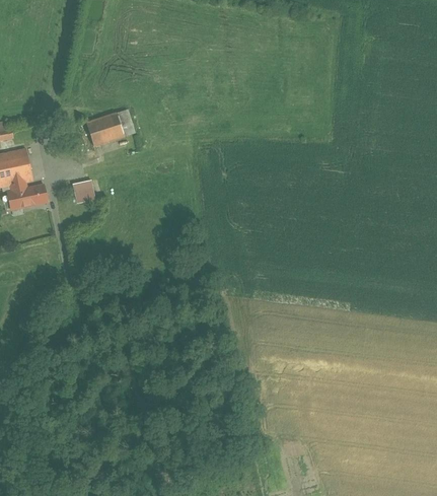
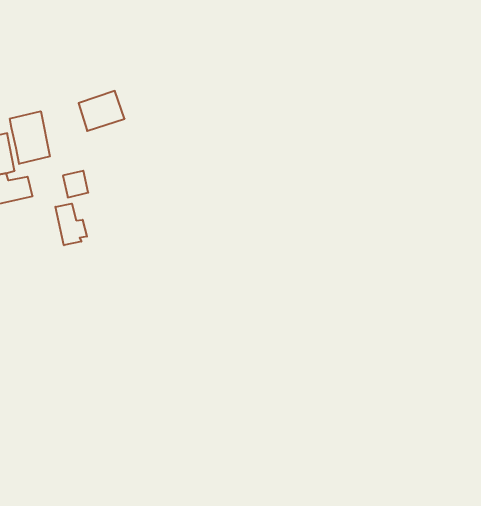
building: none -> [10,111,50,164]
building: none -> [55,204,87,245]

